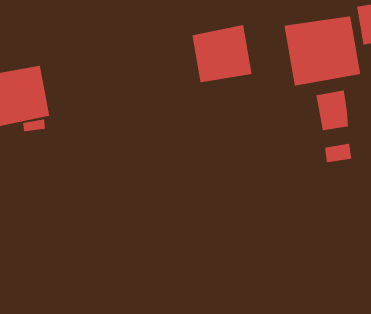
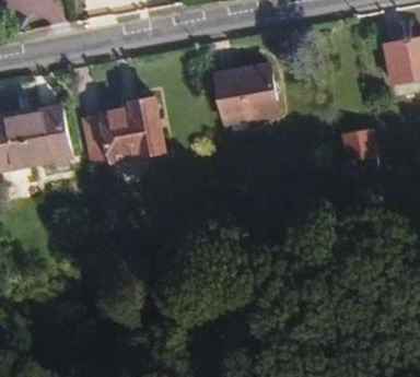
building: [283,15,361,86] -> none
building: none -> [80,98,164,170]

